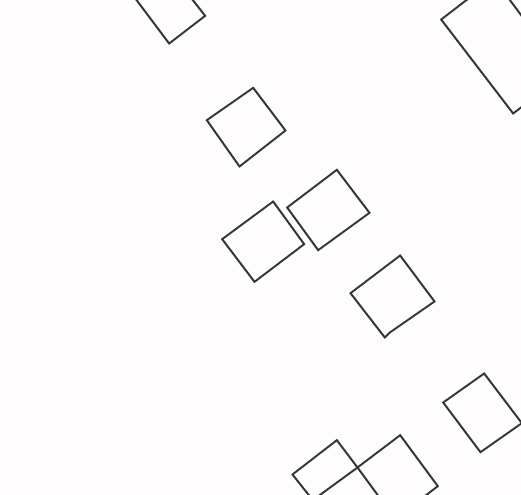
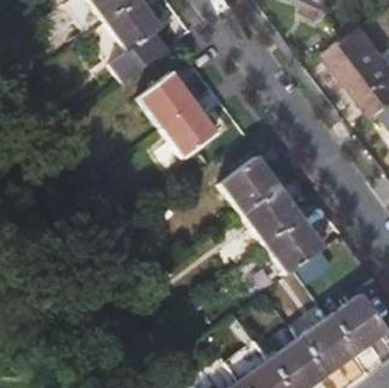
building: none -> [140,67,196,121]
building: [222,202,304,282] -> [241,186,299,242]
building: none -> [299,318,355,376]

